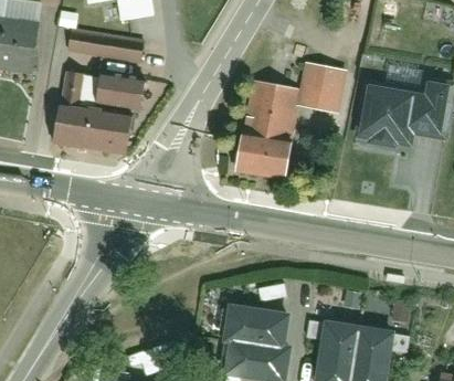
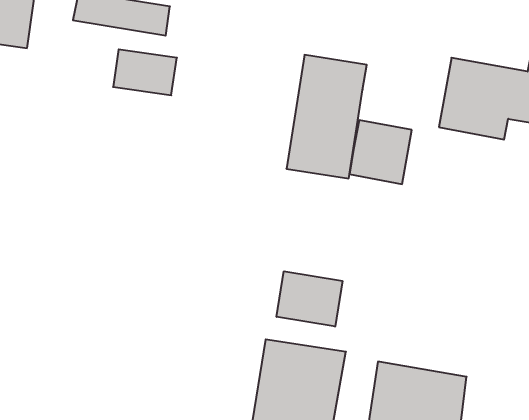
building: [299,62,349,113] -> [349,120,412,184]
building: [57,68,138,155] -> none
building: none -> [277,271,342,327]

